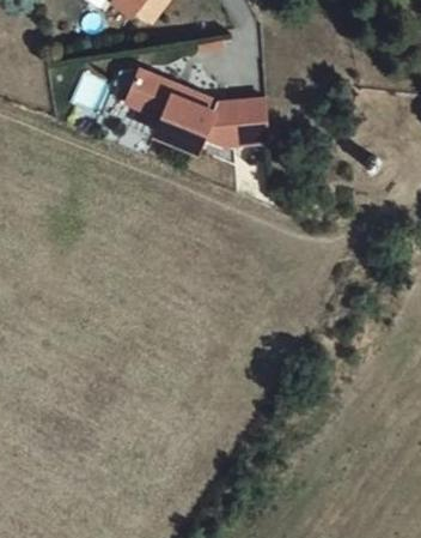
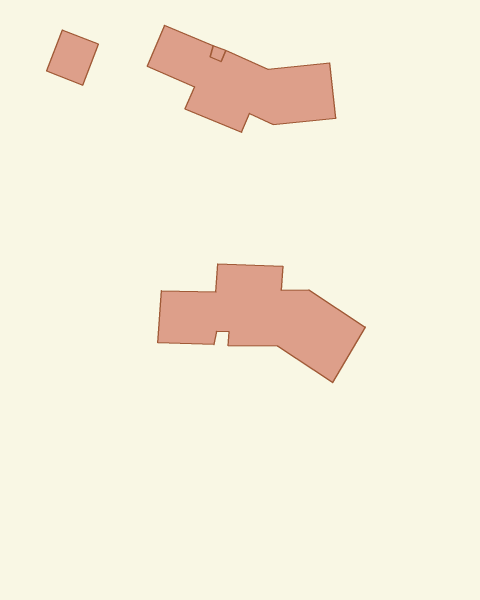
building: none -> [158,264,365,383]

